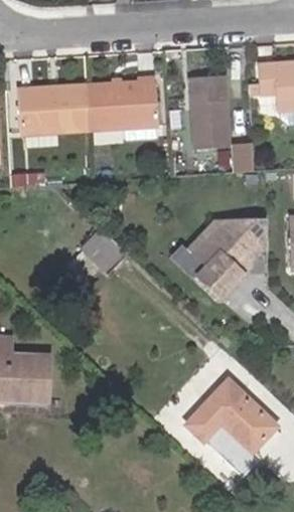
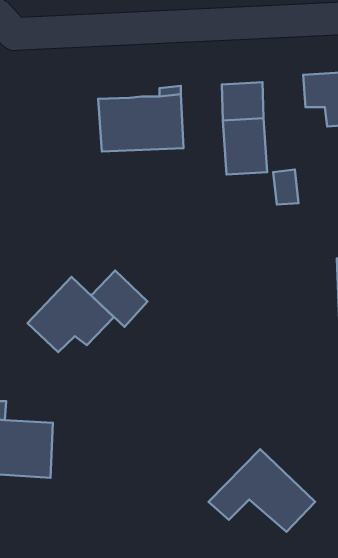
building: [19,84,91,133] -> none
building: [189,222,265,300] -> none
building: none -> [27,277,114,352]

